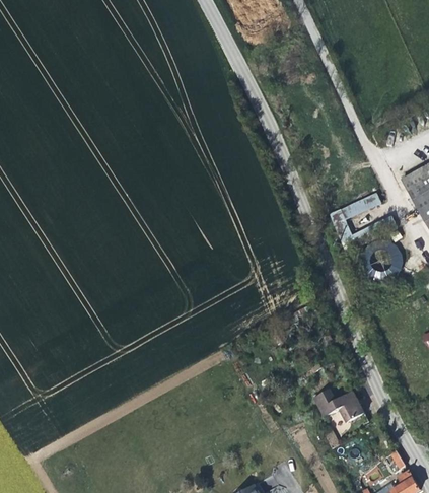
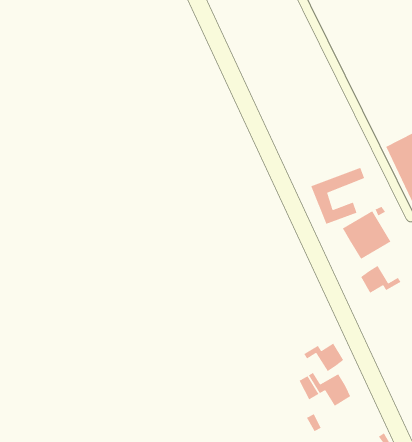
building: none -> [360,265,401,294]
building: none -> [303,343,344,372]

